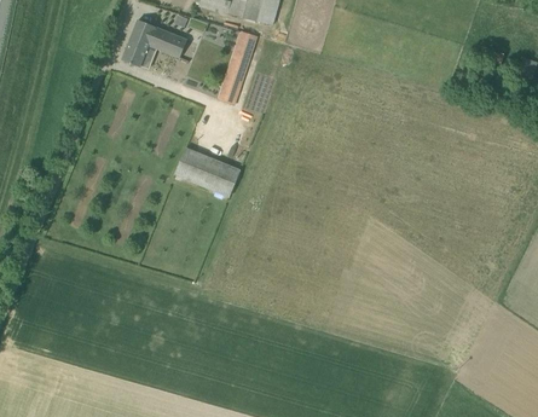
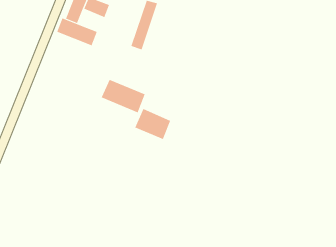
building: none -> [56,18,98,46]
building: none -> [134,108,171,140]

